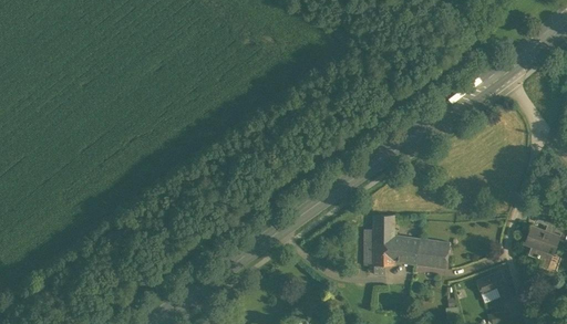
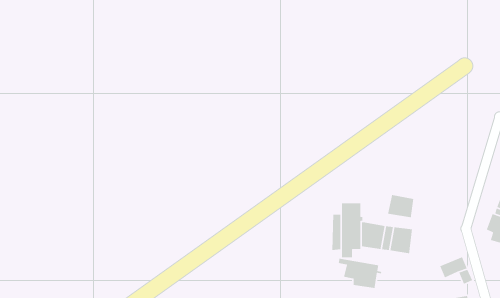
building: none -> [387,194,414,218]
building: none -> [338,258,382,289]

